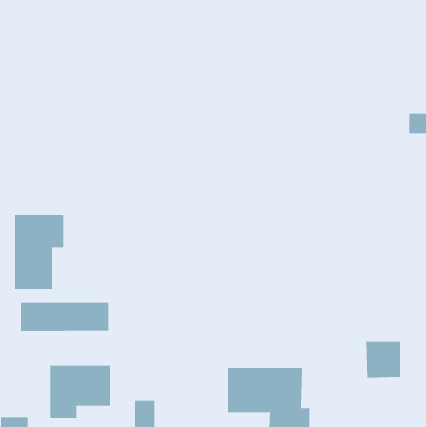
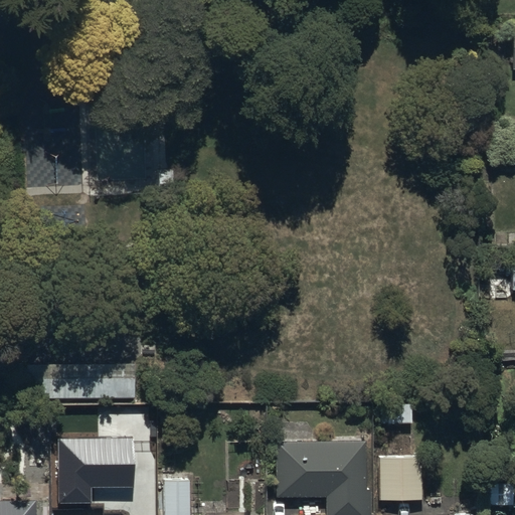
building: [15,214,64,290] -> none
building: [366,341,401,378] -> [380,457,422,501]

